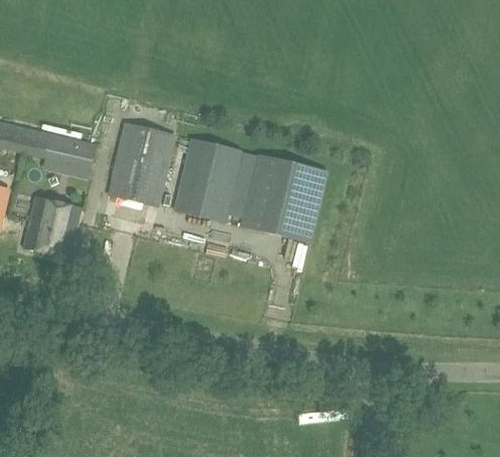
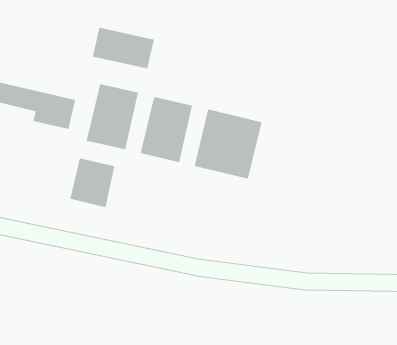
building: none -> [92,27,154,69]
building: [23,196,80,257] -> [69,158,115,208]

